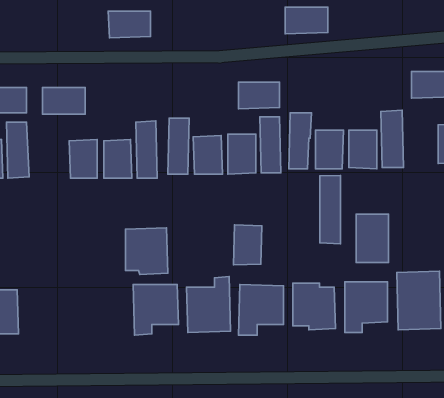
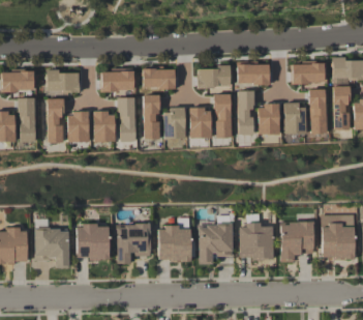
building: [285,7,328,34] -> [237,64,270,85]
building: [108,11,151,38] -> [100,71,133,92]
building: none -> [292,63,325,84]
building: none -> [143,68,176,88]
building: none -> [332,86,350,129]
building: none -> [47,98,63,143]
building: [320,175,341,244] -> none
building: [356,214,388,262] -> none
building: [234,225,262,265] -> none
building: [125,228,168,274] -> [77,225,110,261]
building: none -> [34,230,69,268]

